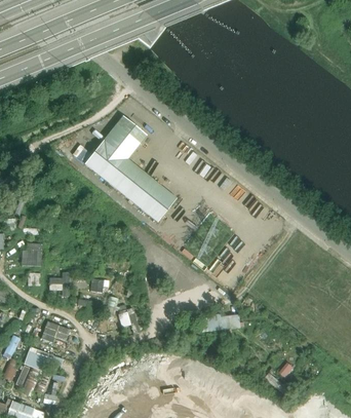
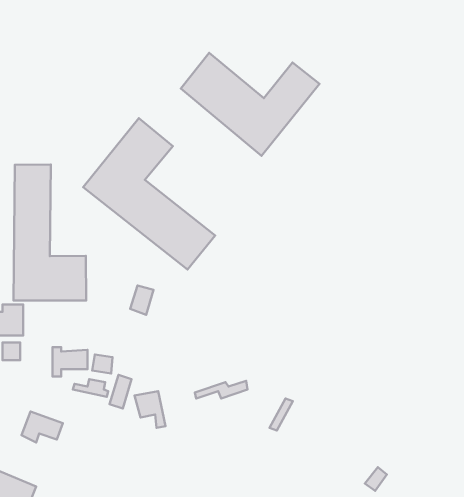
building: none -> [181,53,320,156]
building: none -> [13,164,86,301]

